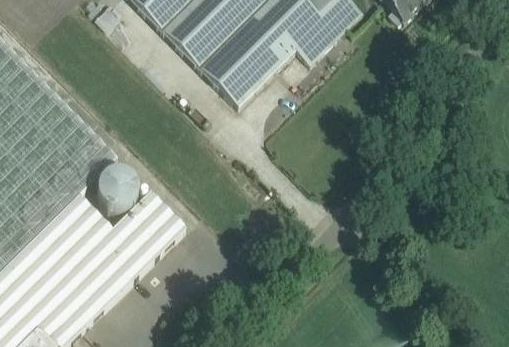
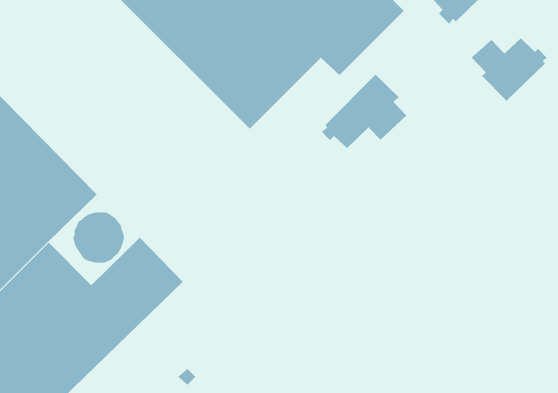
building: none -> [471,37,548,102]
building: none -> [321,74,407,149]

